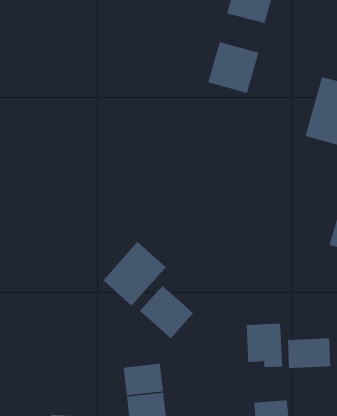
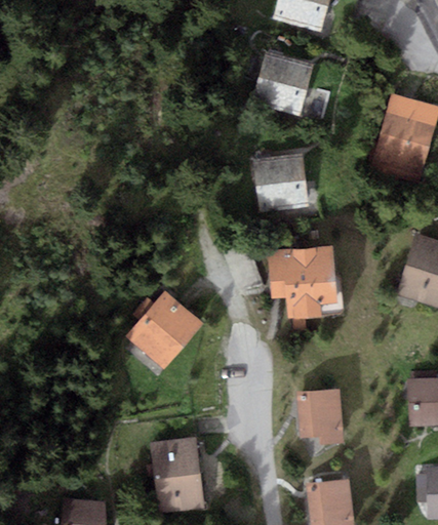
building: none -> [252,154,309,211]
building: none -> [267,246,336,319]
building: [139,285,194,339] -> none
building: [287,337,331,369] -> none

